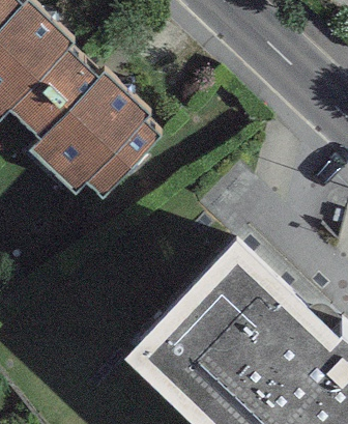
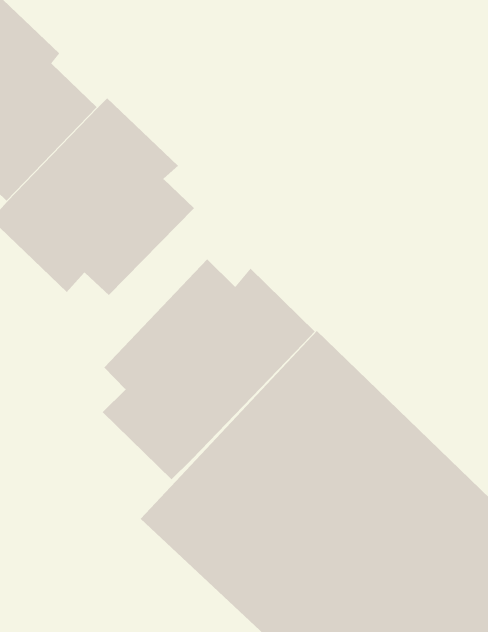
building: none -> [102,258,316,480]

